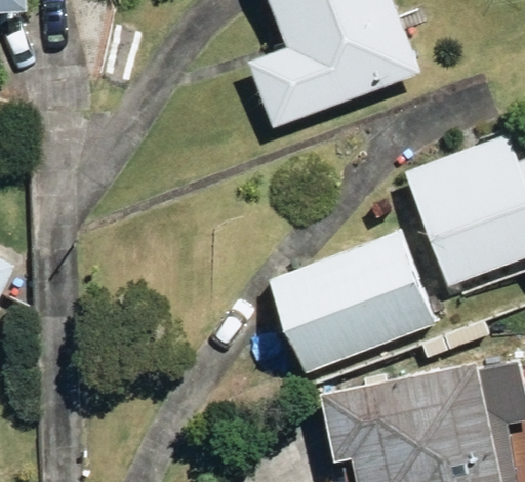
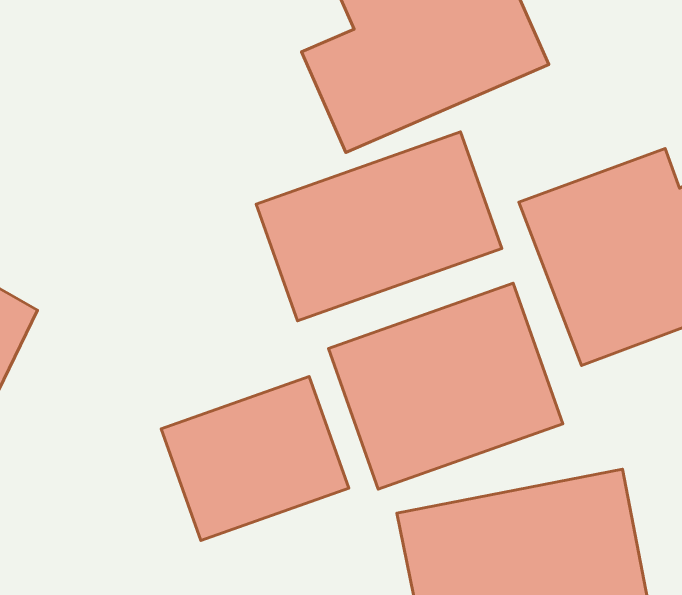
building: none -> [256,132,502,321]
building: none -> [161,376,349,541]

